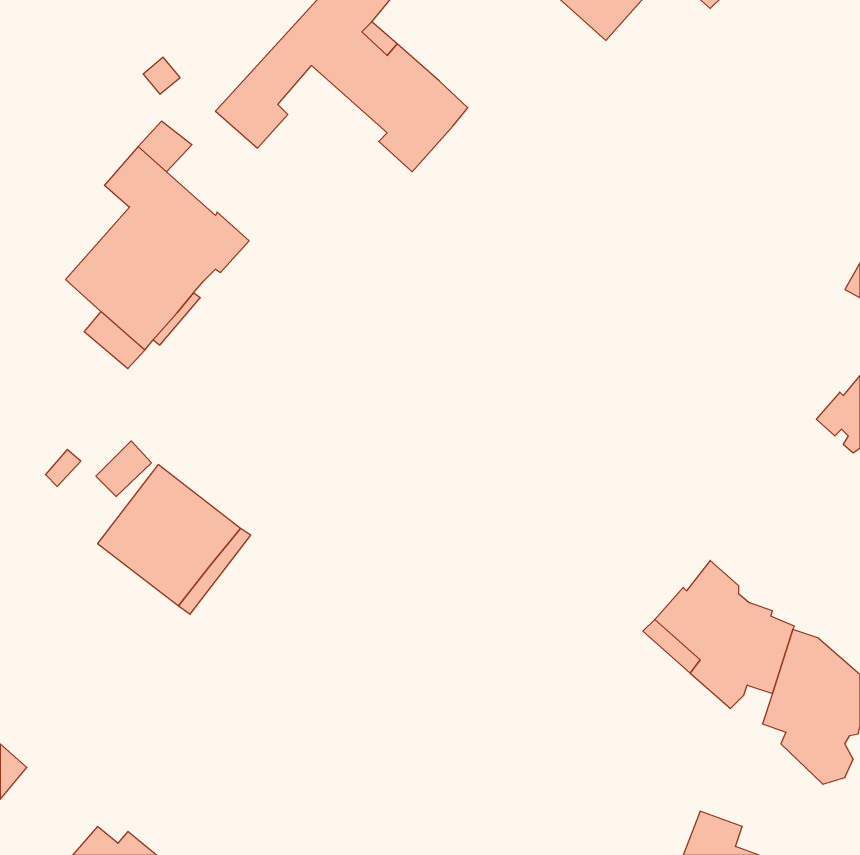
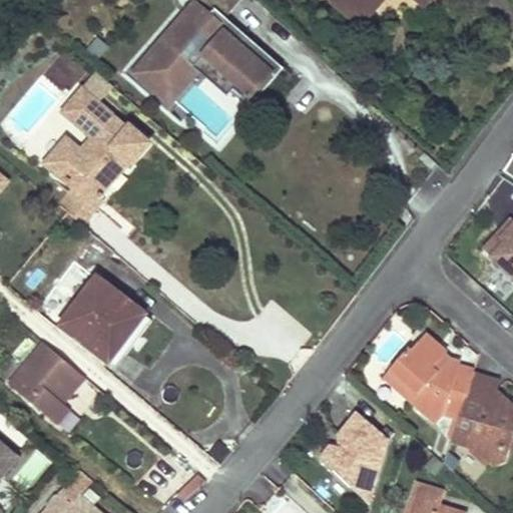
building: none -> [153,39,230,98]
building: none -> [12,344,86,423]
building: none -> [321,412,389,502]

